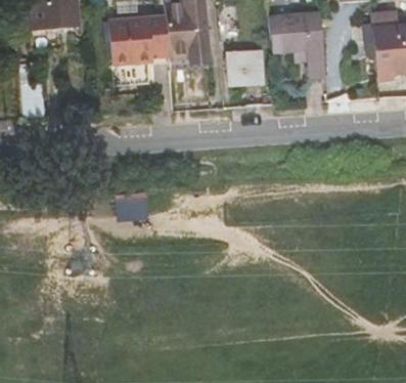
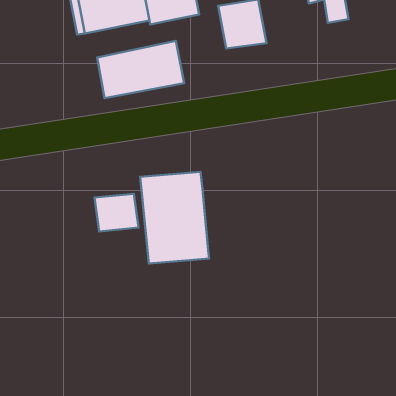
building: none -> [97,41,184,98]
building: none -> [140,172,209,264]

